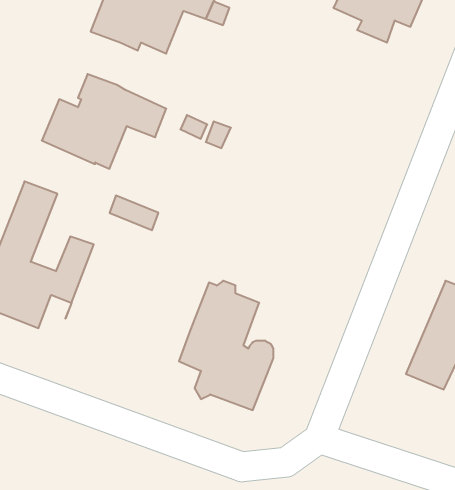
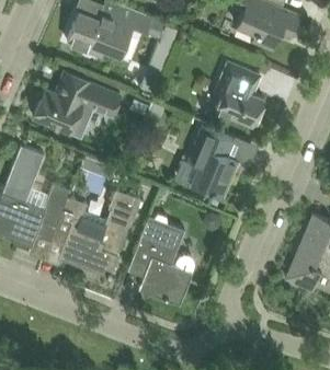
building: none -> [215,60,264,125]
building: none -> [187,126,238,196]
building: none -> [49,188,140,277]

